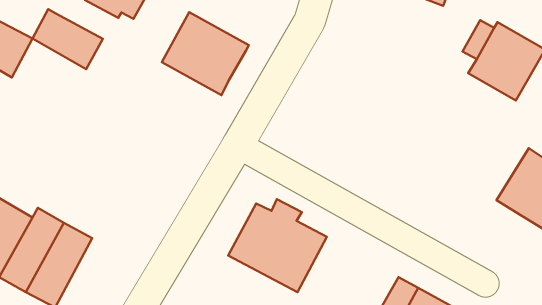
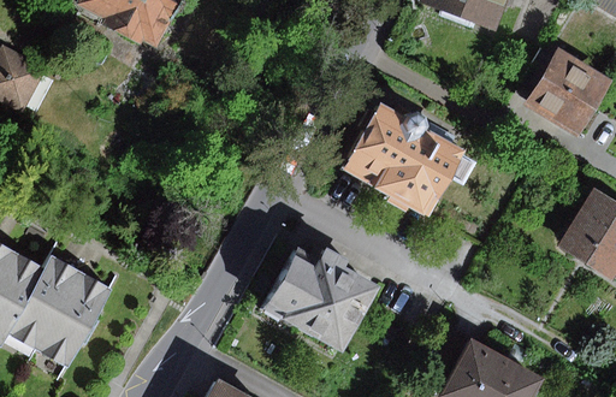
building: [32,9,103,69] -> none
building: [162,12,249,95] -> none
building: none -> [344,105,464,215]

